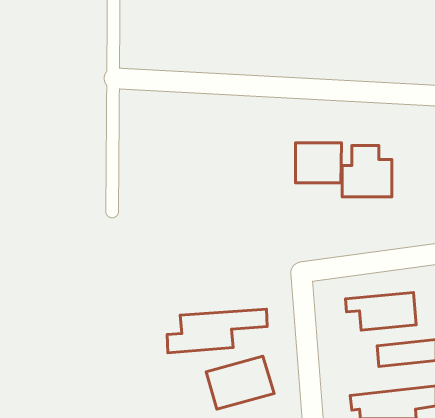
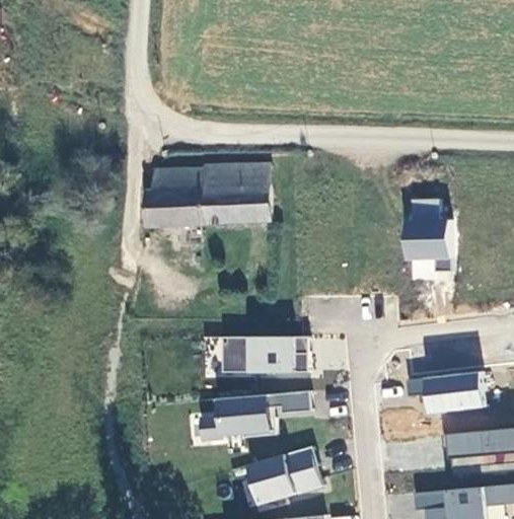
building: none -> [146,163,272,223]
building: [295,143,342,183] -> none
building: none -> [222,336,310,372]

